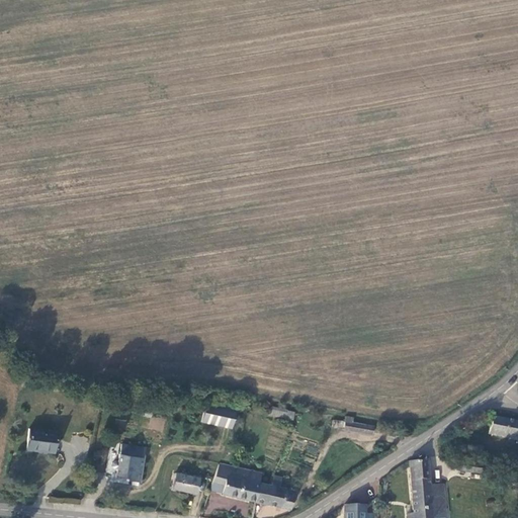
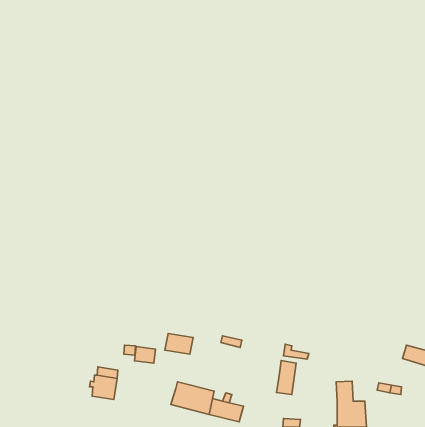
building: [25,428,54,451] -> none
building: none -> [277,361,296,394]
building: [174,474,199,495] -> [135,347,156,363]

